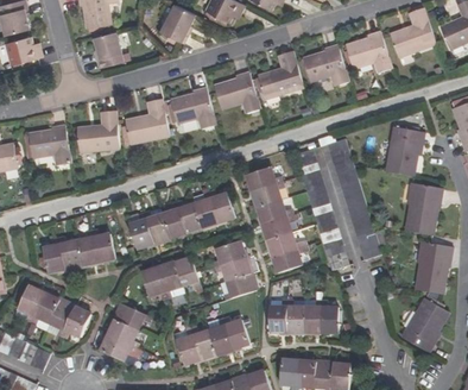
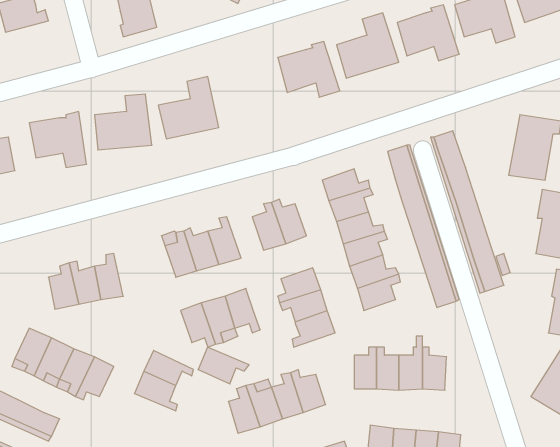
building: [169,86,214,128] -> none
building: [175,200,202,233] -> none
building: [90,228,114,262] -> none
building: [99,334,137,361] -> [198,347,249,384]

